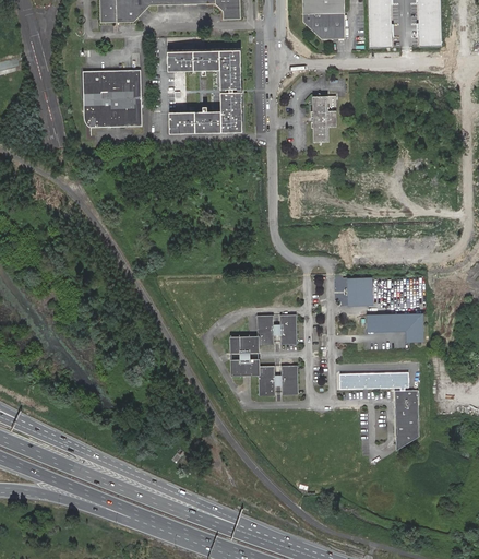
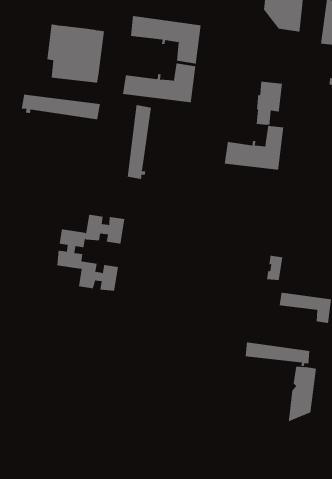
building: none -> [224,125,284,171]
building: none -> [127,104,152,180]
building: none -> [21,94,100,120]
building: [230,316,297,394] -> [57,214,125,291]

